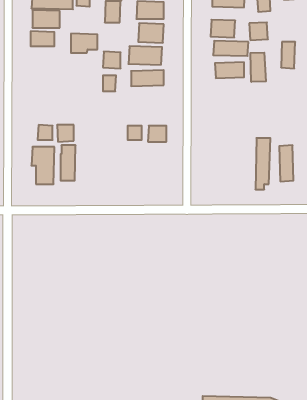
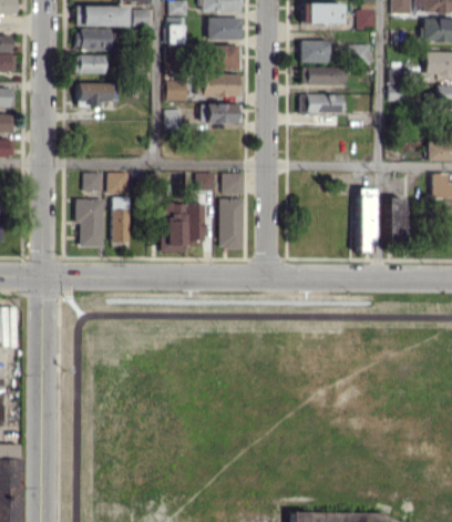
building: [71,34,97,53] -> [78,82,111,106]
building: [250,53,266,82] -> none
building: none -> [218,198,244,248]
building: none -> [161,203,204,252]

